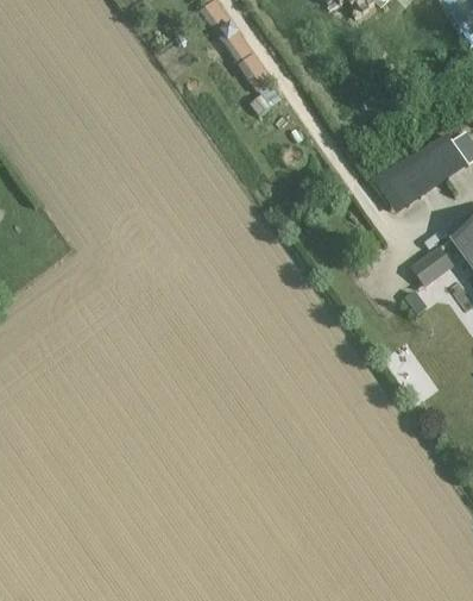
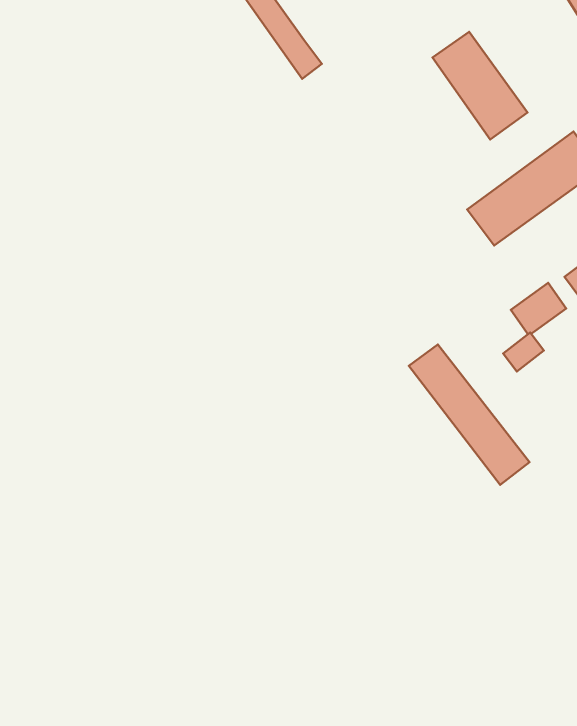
building: none -> [433,32,528,140]
building: none -> [409,344,529,485]

